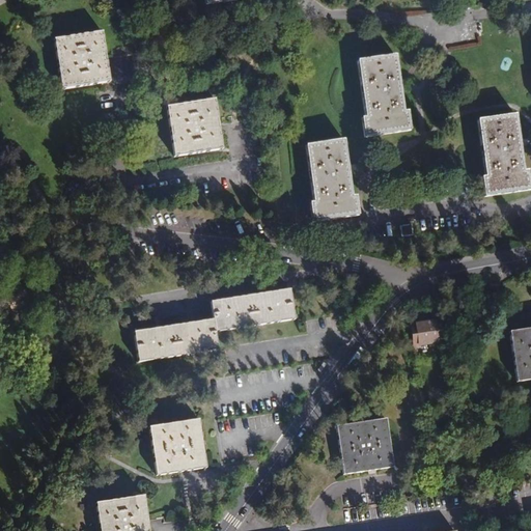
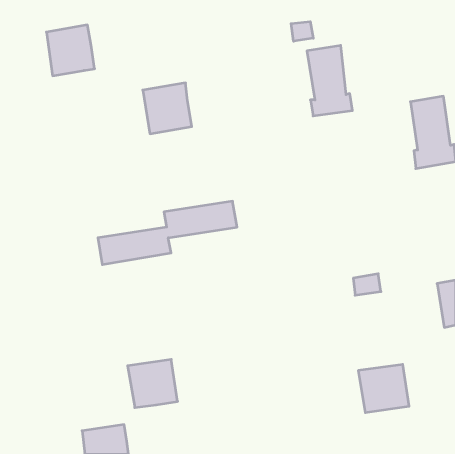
building: none -> [291,22,313,41]
building: [307,138,360,221] -> none
building: [134,287,296,361] -> [98,201,237,265]
building: [336,417,395,473] -> [358,364,409,413]

